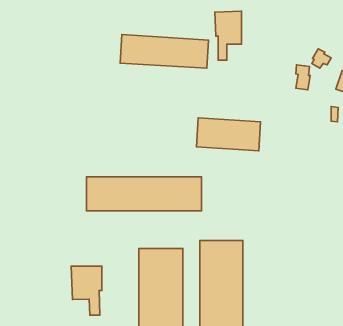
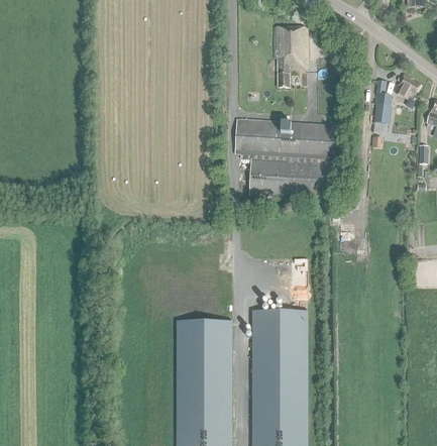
building: [120,34,208,68] -> [233,116,344,158]
building: [86,177,201,211] -> none
building: [71,266,102,315] -> none

